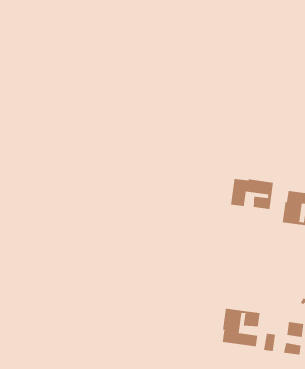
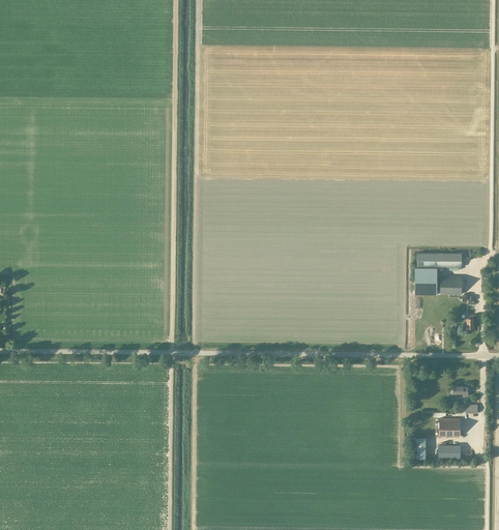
building: [231,178,273,210] -> none
building: [222,308,260,347] -> none

